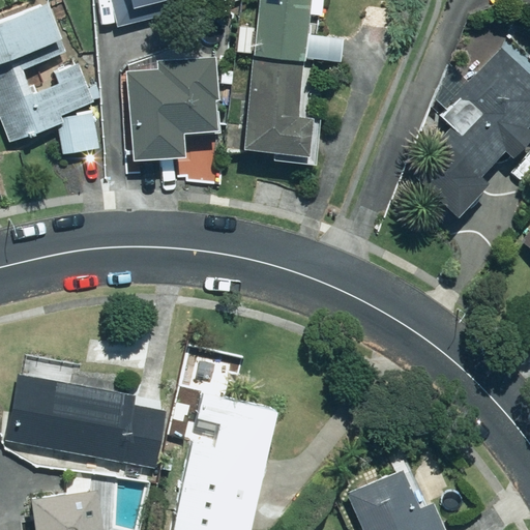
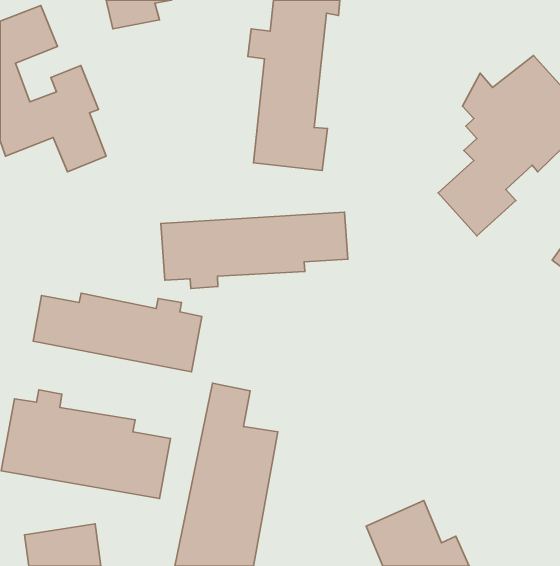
building: [131,56,227,160] -> none
building: none -> [161,212,348,289]
building: none -> [33,293,202,372]

